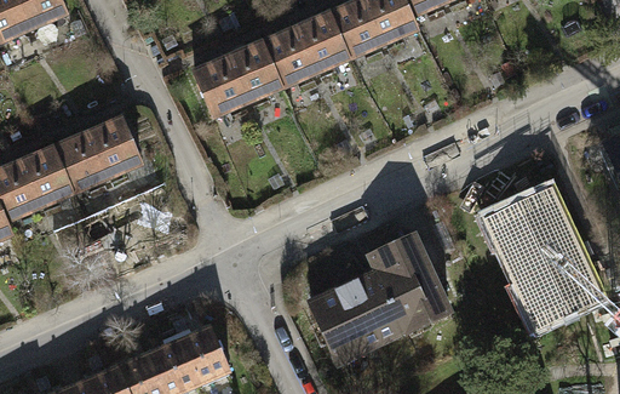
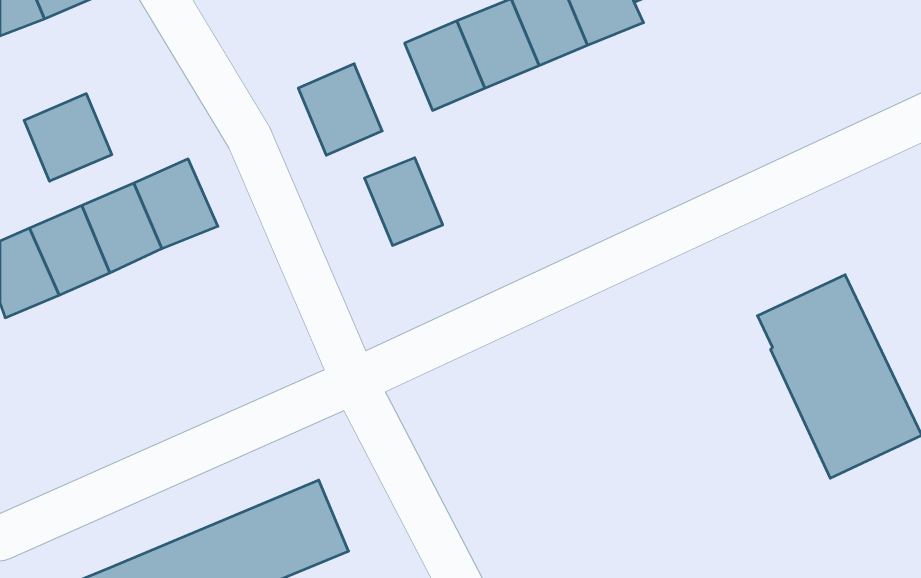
building: [230,42,281,99] -> [364,158,443,245]
building: none -> [24,94,112,181]
building: [311,235,449,361] -> none

